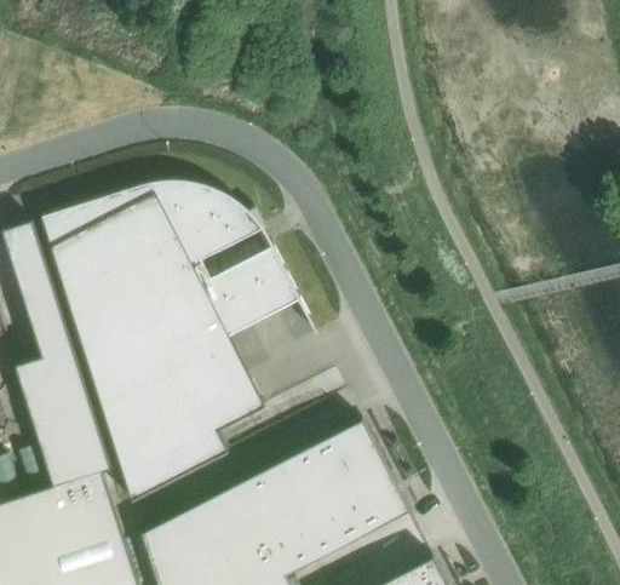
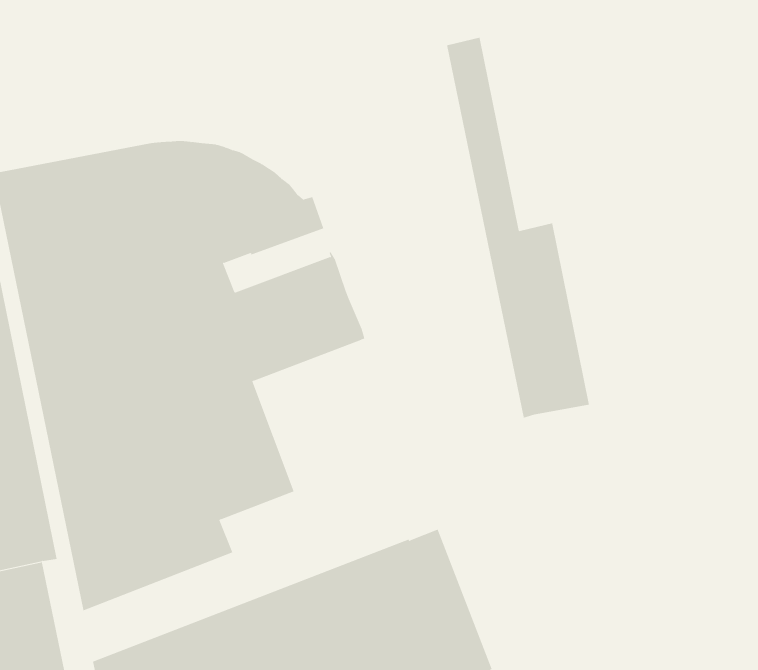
building: none -> [447,37,590,418]

